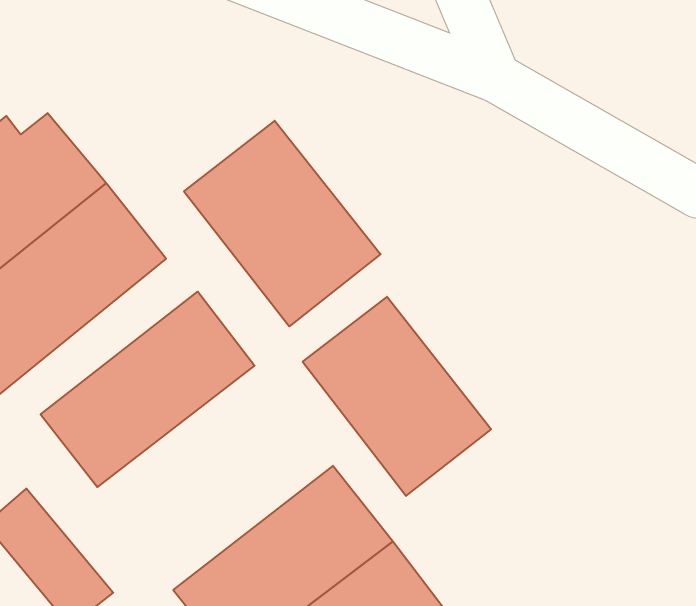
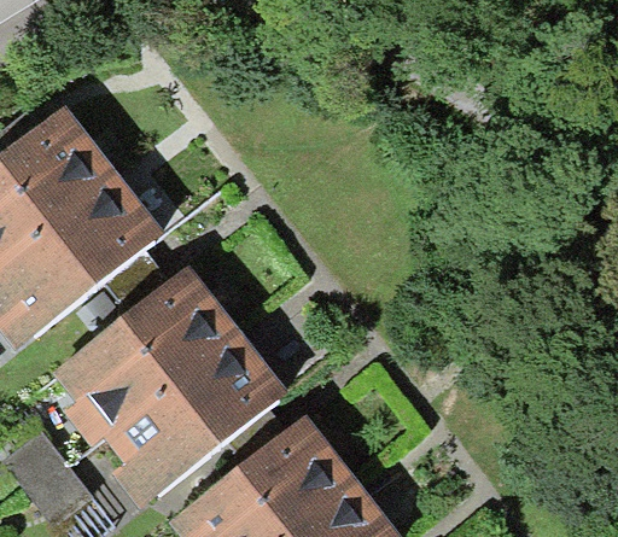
building: [184,121,381,326] -> none
building: [303,297,491,496] -> none
building: none -> [104,328,286,494]

